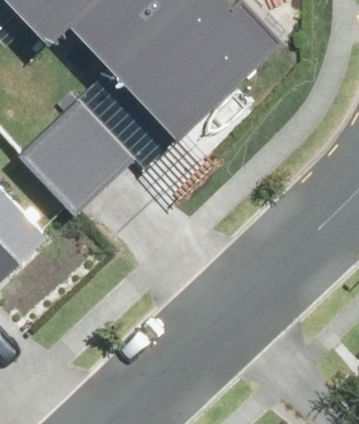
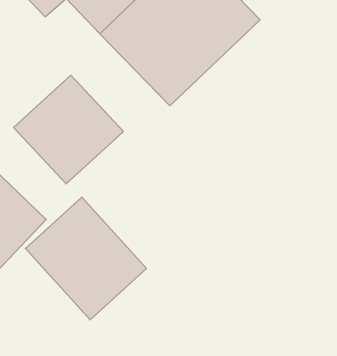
building: none -> [25,197,146,320]

